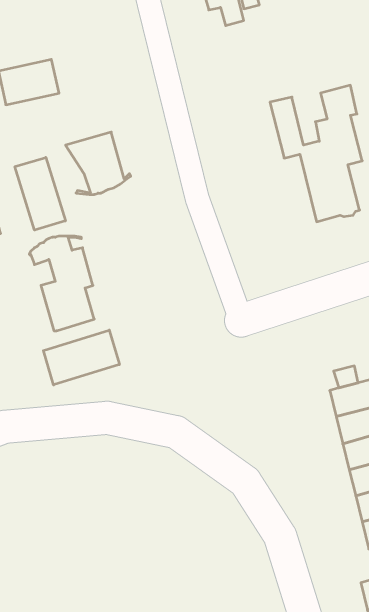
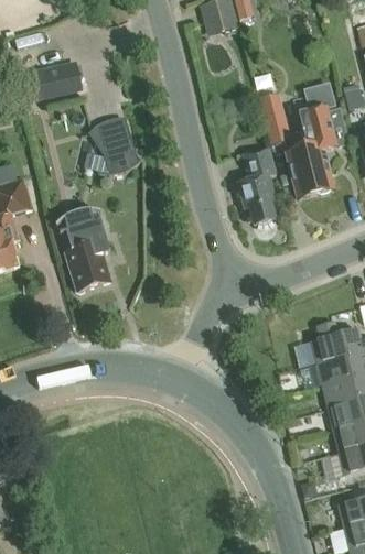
building: [15,157,65,230] -> none
building: none -> [239,146,277,224]
building: [43,330,119,385] -> none

